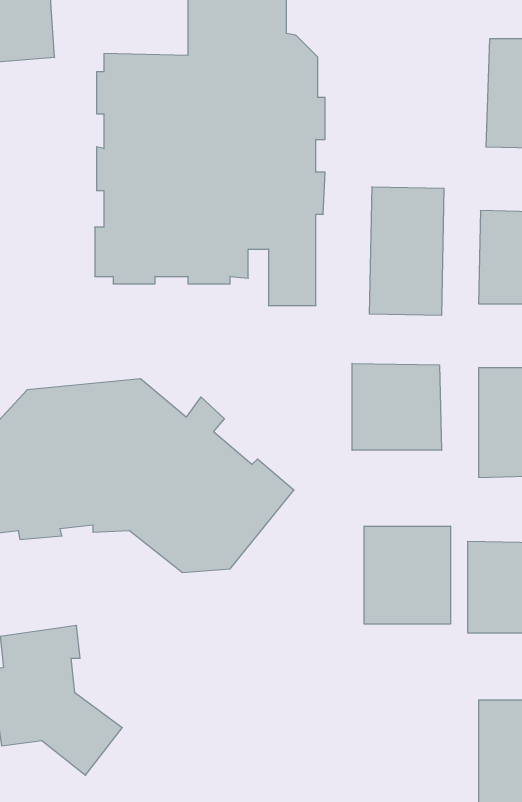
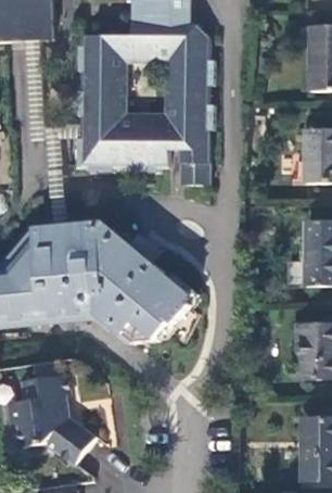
building: [370,187,444,315] -> none
building: [352,363,442,450] -> none
building: [364,526,450,624] -> none

